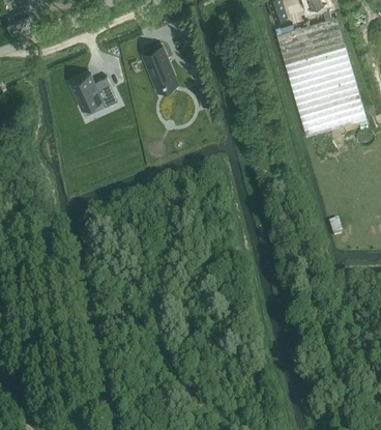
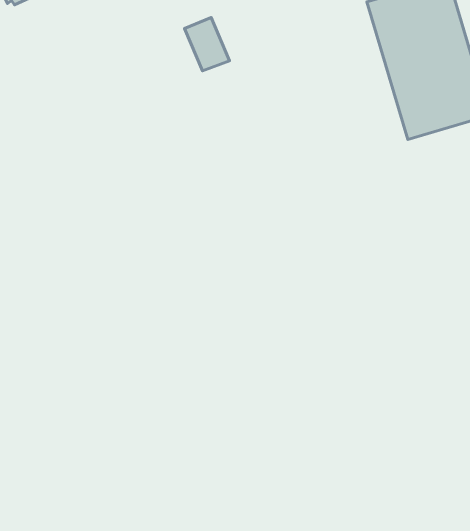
building: [70,76,118,111] -> none

